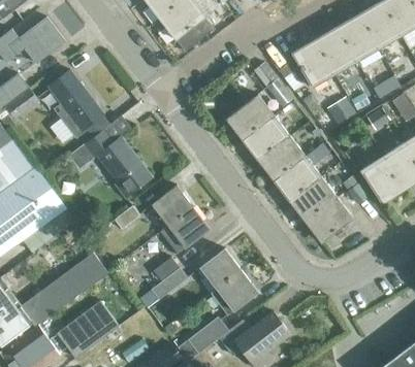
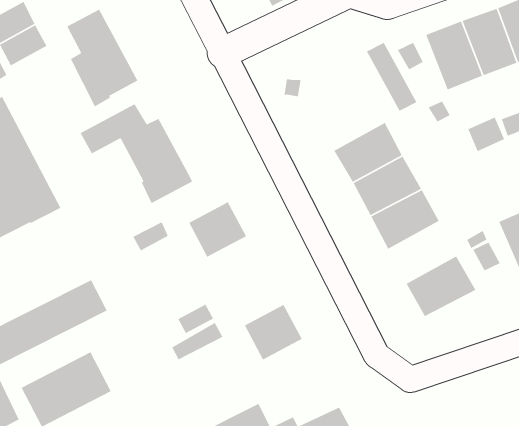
building: [226,95,274,140] -> none
building: [289,176,337,222] -> none
building: [160,207,210,254] -> none
building: [212,270,258,314] -> none

